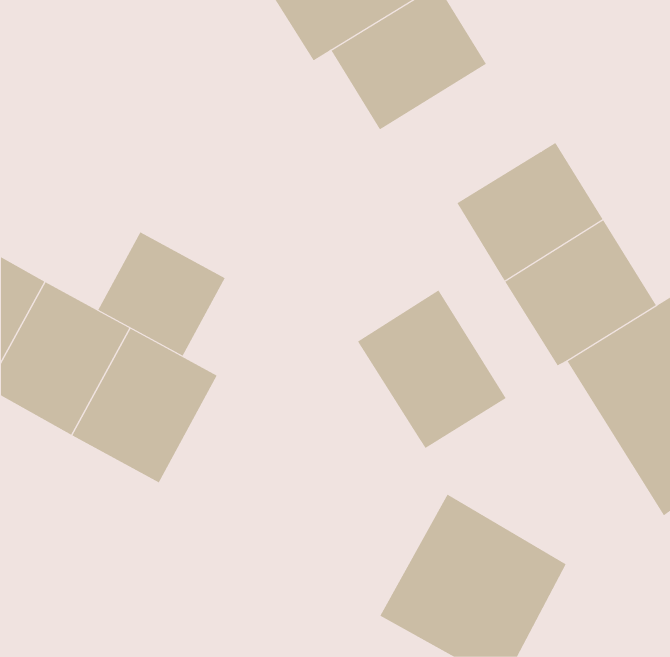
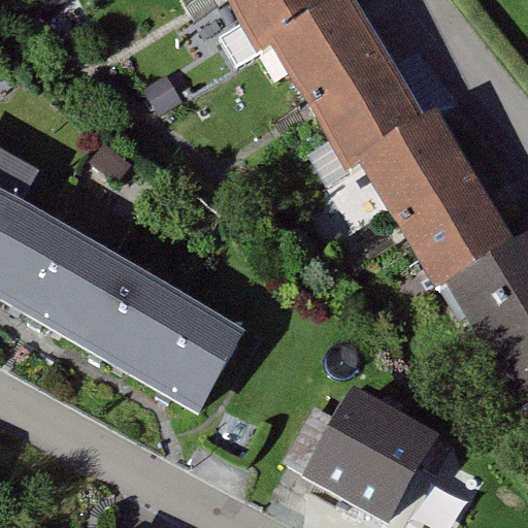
building: none -> [301,50,427,168]
building: [98,231,225,356] -> none
building: [357,289,506,449] -> none
building: none -> [130,292,242,411]

